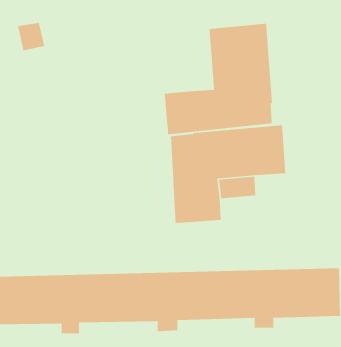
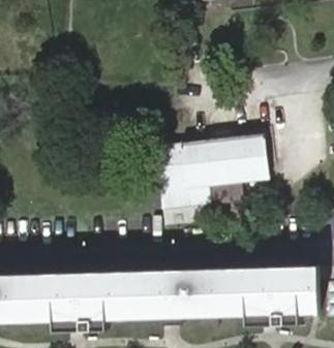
building: [164,23,273,135] -> none

